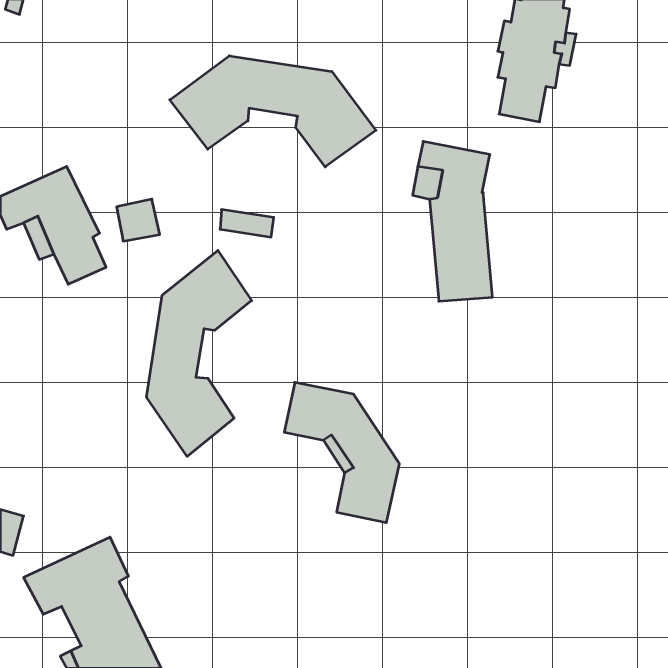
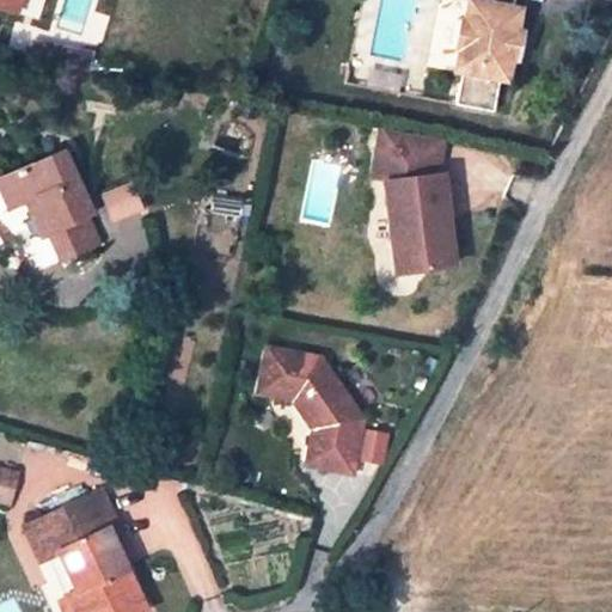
building: [170,56,376,167] -> none
building: [147,250,252,456] -> none

